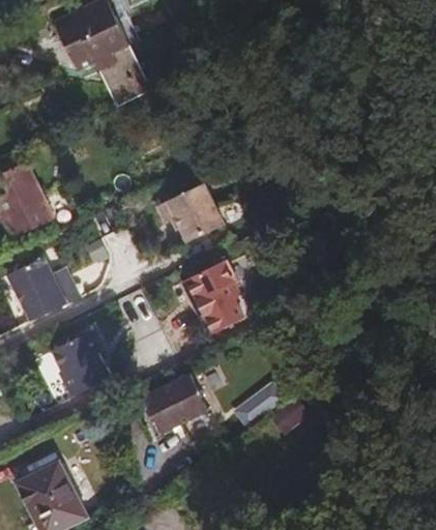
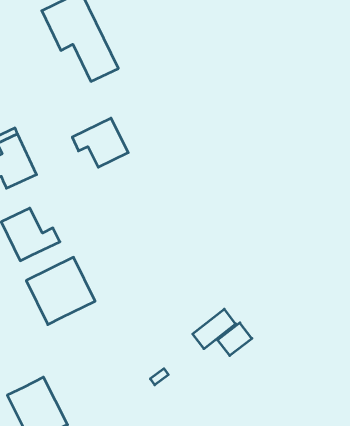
building: [155,183,223,242] -> [72,118,128,167]
building: [186,258,243,332] -> none
building: [143,375,205,433] -> none

